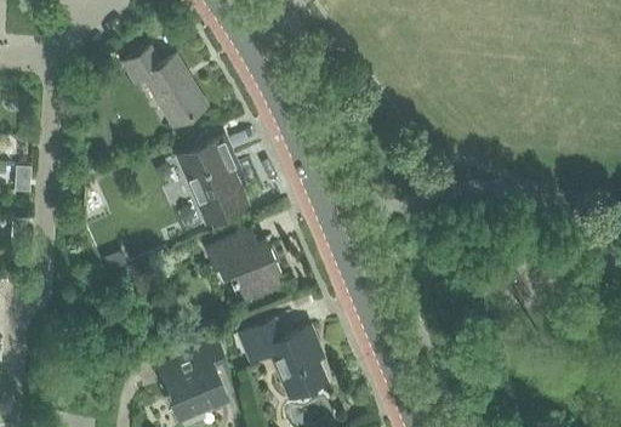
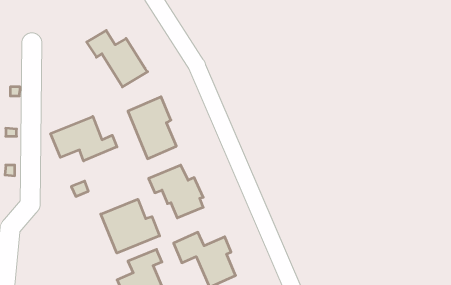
building: none -> [51,116,117,161]
building: none -> [101,199,160,253]

